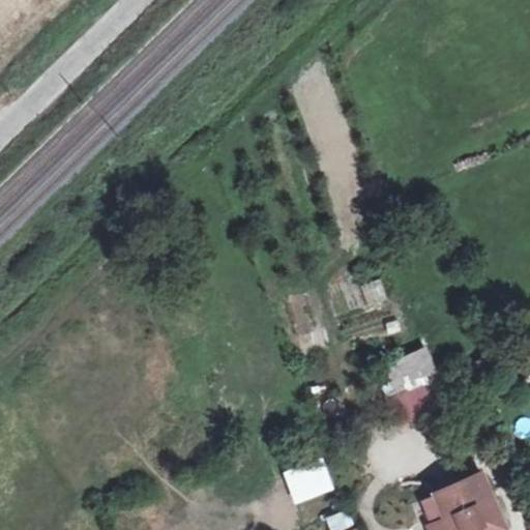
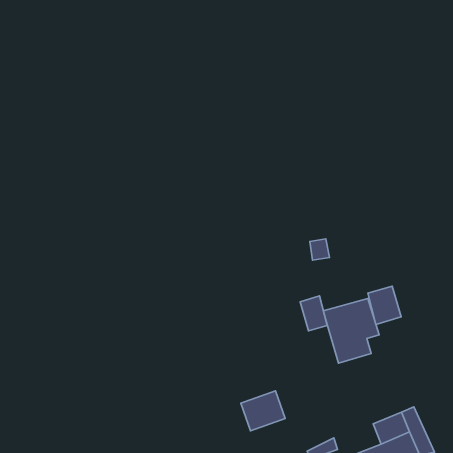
building: none -> [368,286,401,324]
building: none -> [300,296,327,331]

